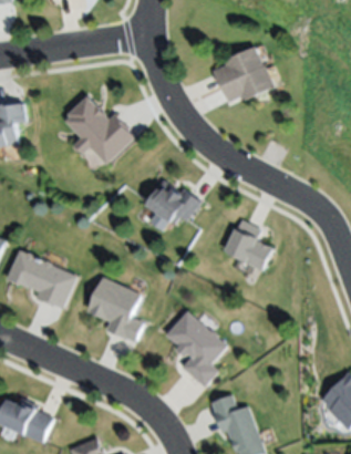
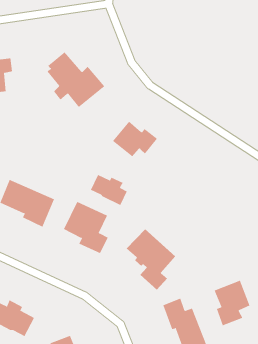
building: [214,45,275,101] -> none
building: [225,219,272,269] -> none
building: none -> [90,174,127,206]
building: none -> [214,280,250,326]

